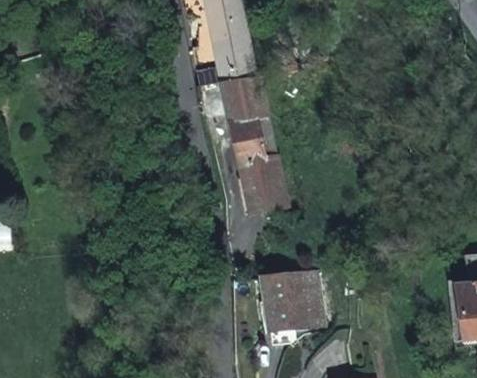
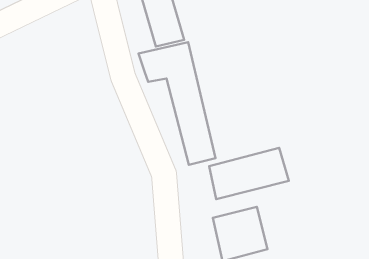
building: none -> [209,148,289,199]

